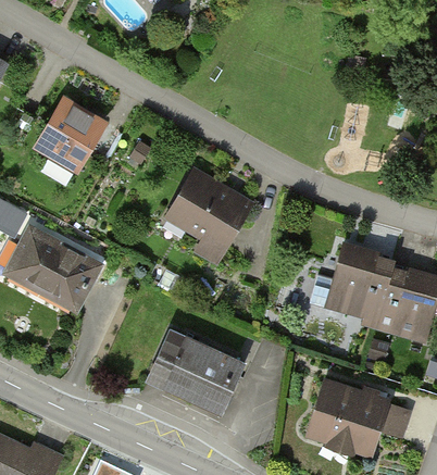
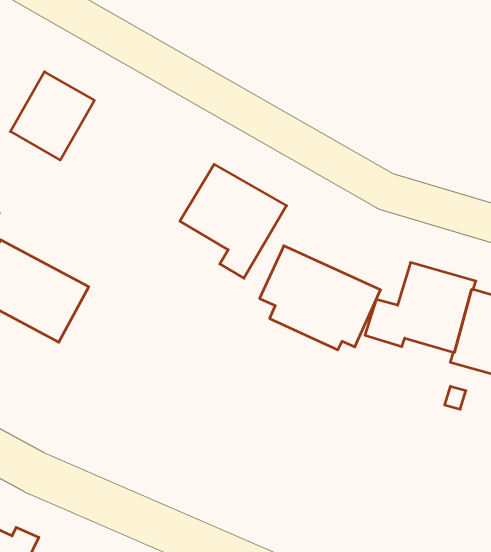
building: [153,330,246,410] -> [260,246,381,350]
building: [308,382,389,454] -> none

